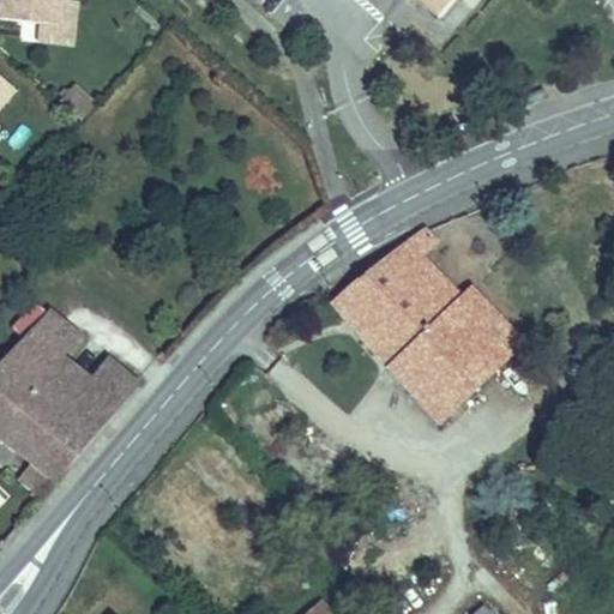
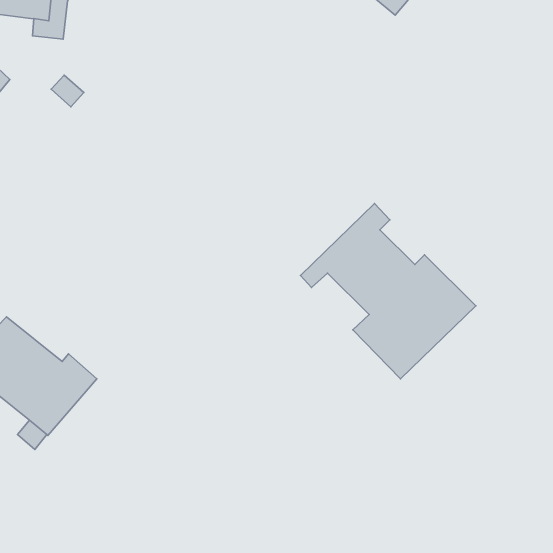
building: [343,301,407,363] -> none
building: [7,309,136,417] -> none

